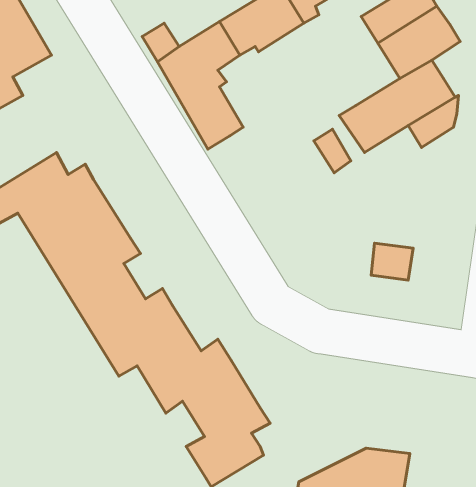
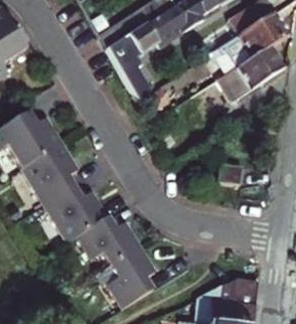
building: none -> [208,38,248,75]

